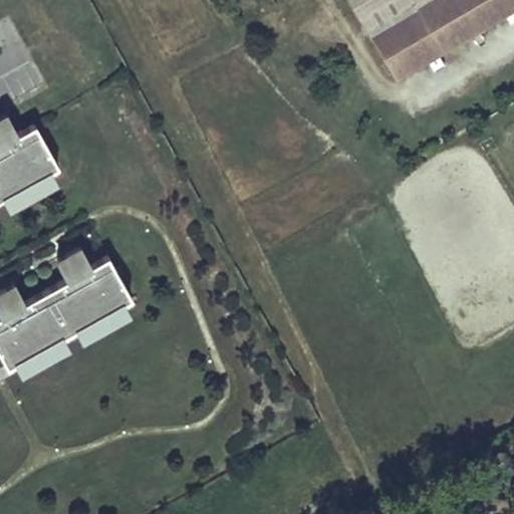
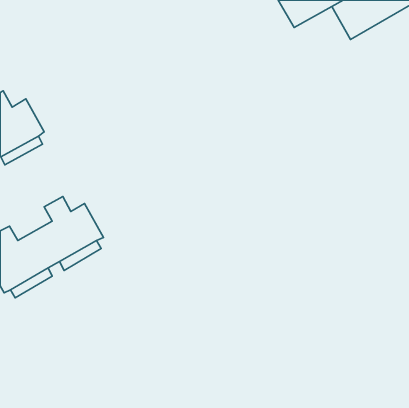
building: [369,12,440,79] -> none

